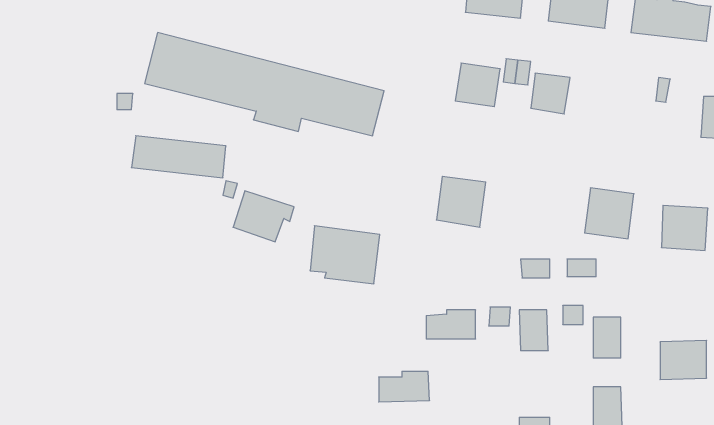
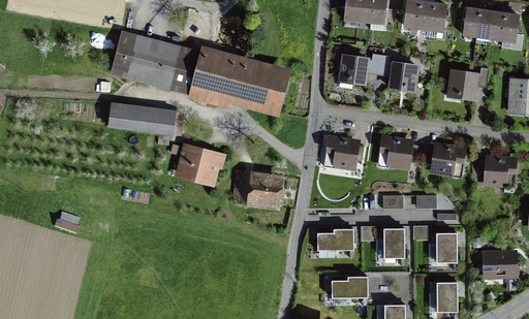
building: none -> [448,70,478,98]
building: none -> [378,136,413,172]
building: [379,371,430,402] -> [331,278,367,299]

